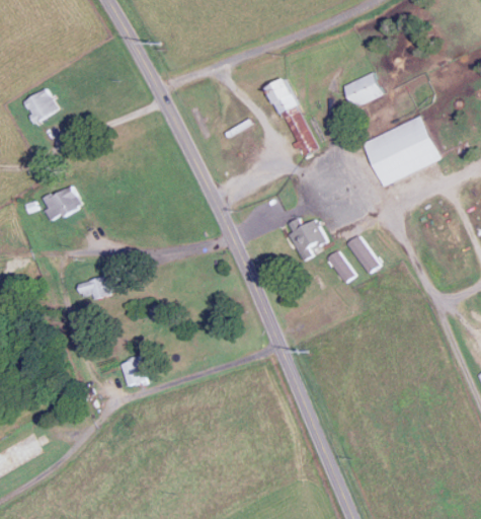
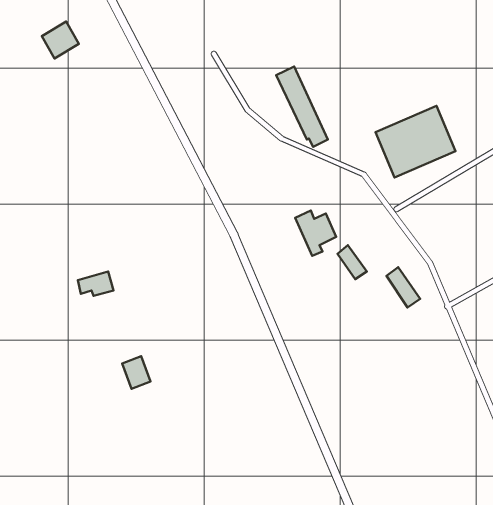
building: [344,74,383,106] -> none
building: [23,88,59,124] -> [42,21,79,58]
building: [44,186,82,222] -> none
building: [347,235,380,274] -> [387,267,420,307]

